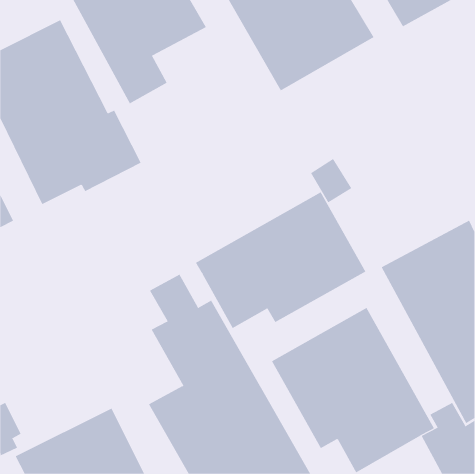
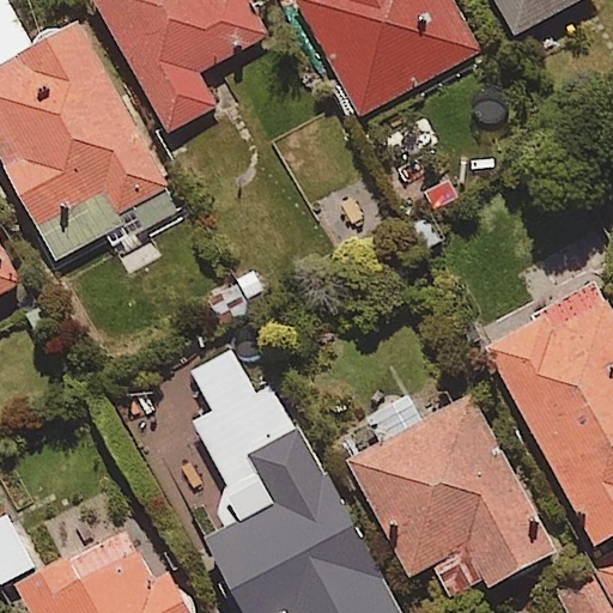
building: [195,191,366,329] -> none

